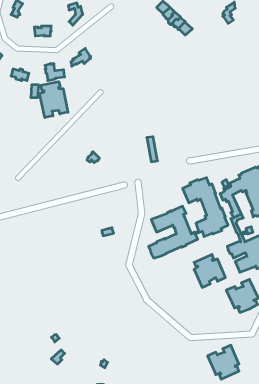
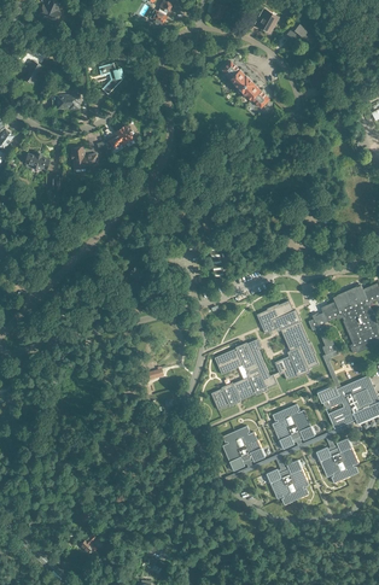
building: [40,82,68,118] -> none
building: none -> [222,426,264,472]
building: [208,345,239,379] -> [266,460,308,505]

